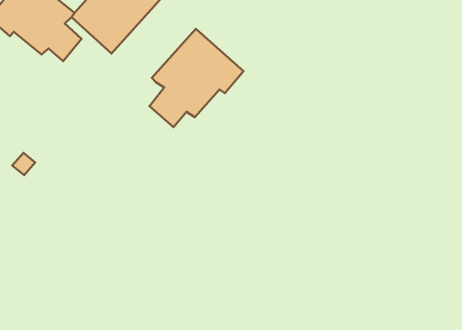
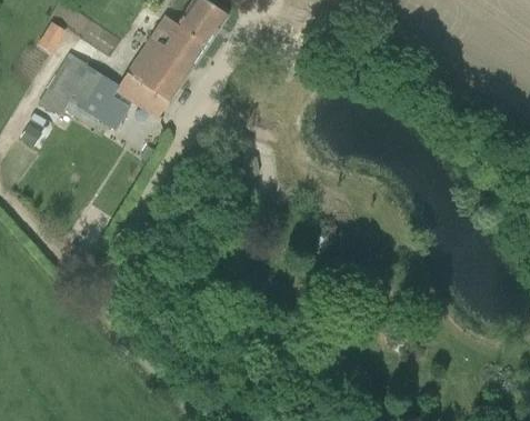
building: [150,29,244,127] -> none

